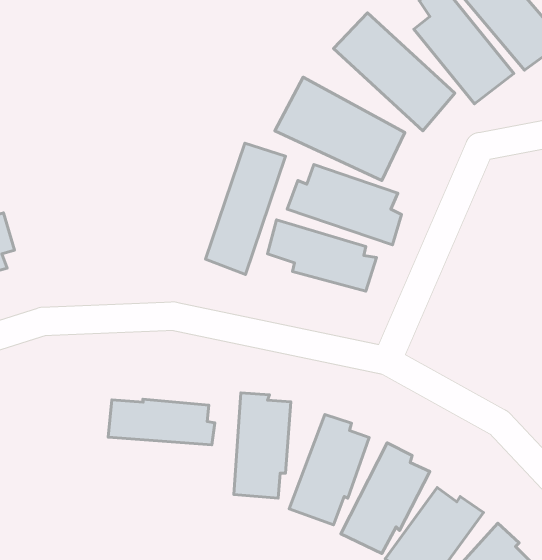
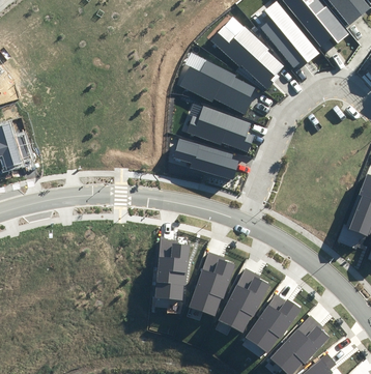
building: [206,143,285,274] -> none
building: [108,399,215,445] -> none

